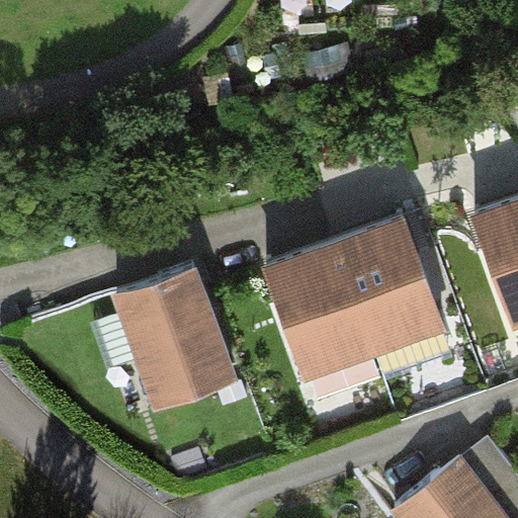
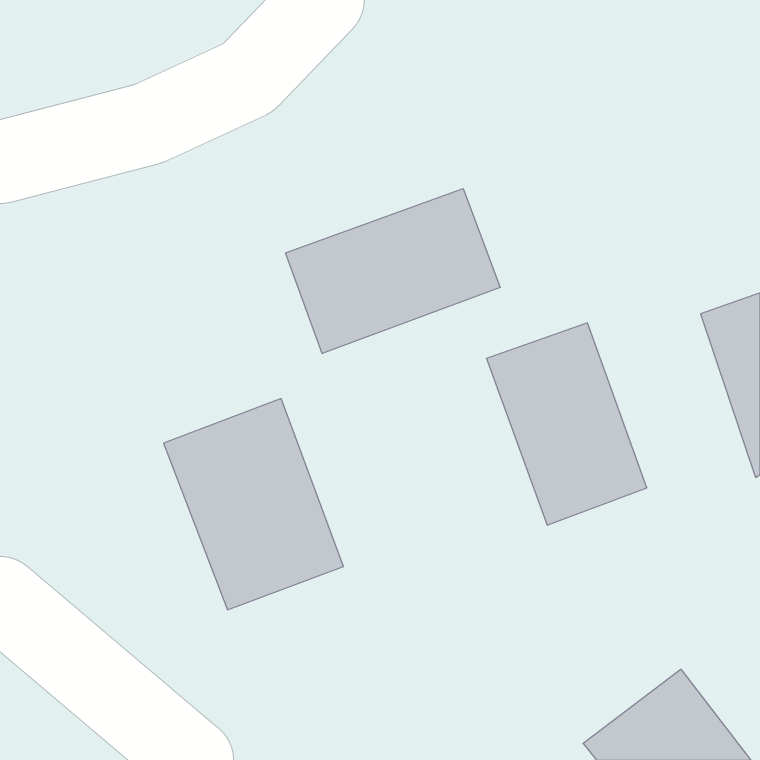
building: none -> [285,189,500,354]
building: [264,244,372,381] -> none

